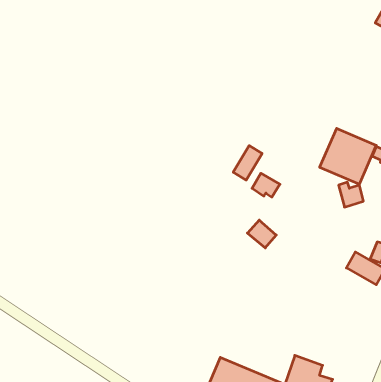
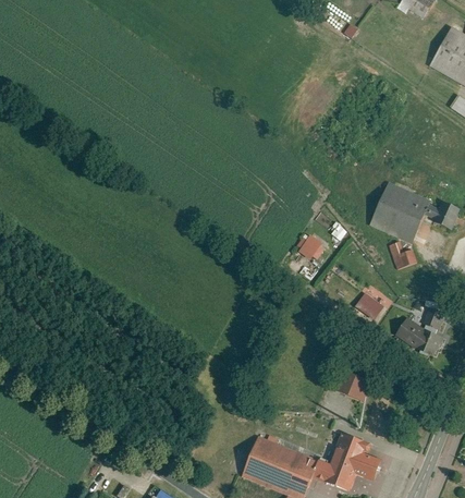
building: [233,146,262,180] -> none
building: [247,220,276,248] -> [352,289,383,319]
building: none -> [336,371,368,400]

